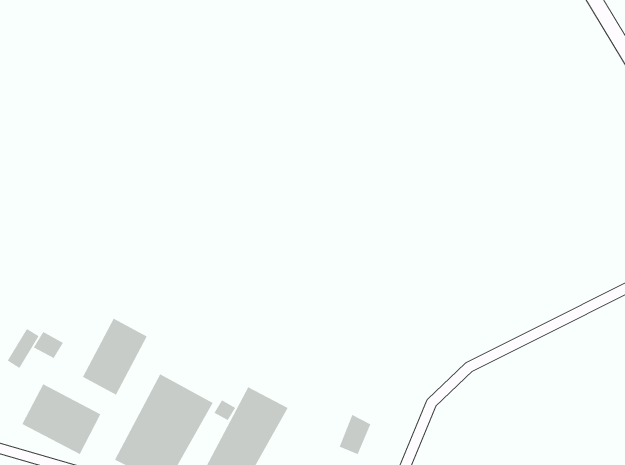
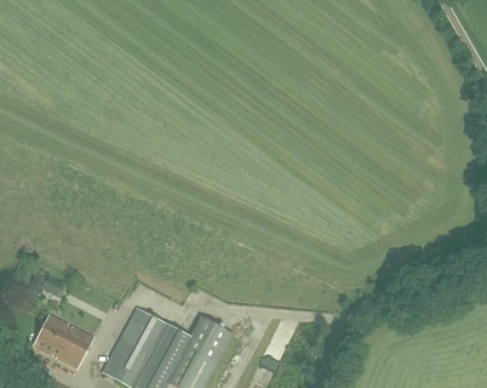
building: [82,318,148,395] -> none

